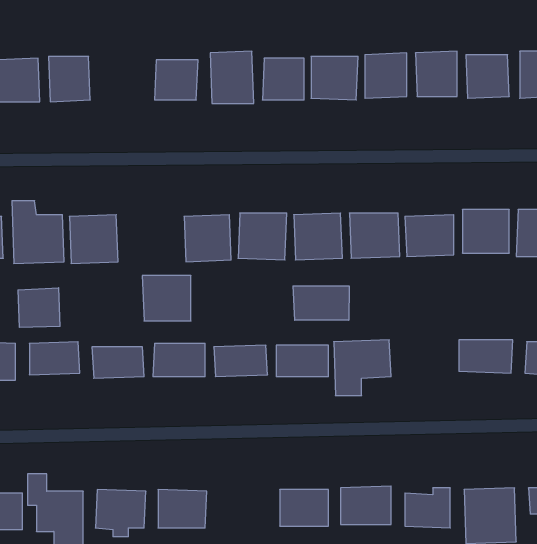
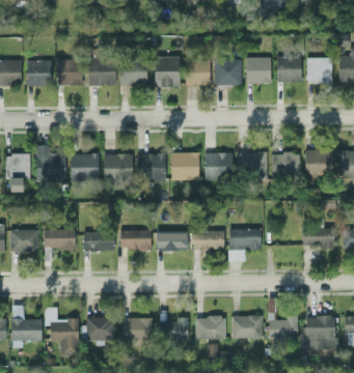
building: none -> [88,57,115,86]
building: [142,276,191,321] -> [103,154,132,181]
building: [293,286,349,320] -> none
building: [18,288,60,327] -> none
building: none -> [159,317,188,340]

